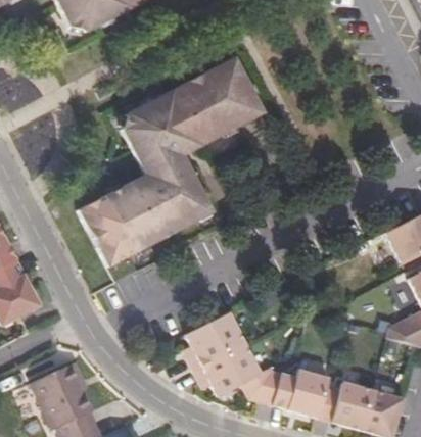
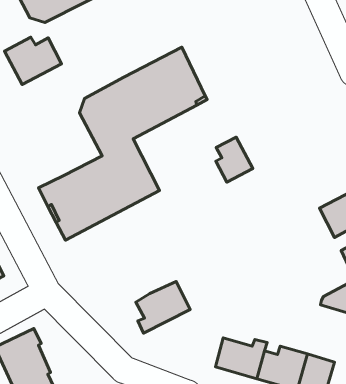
building: none -> [4,37,61,85]
building: none -> [216,137,253,182]
building: [193,342,261,396] -> none

